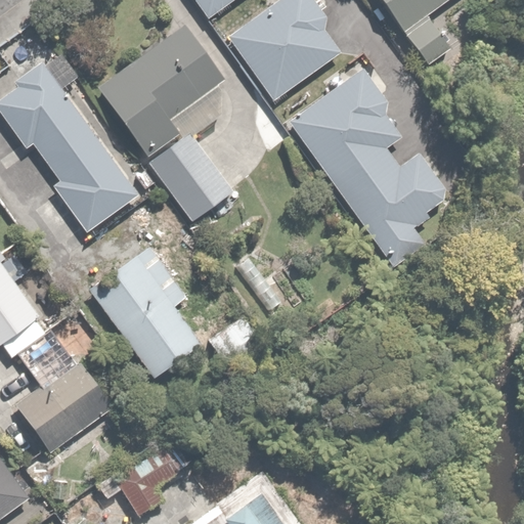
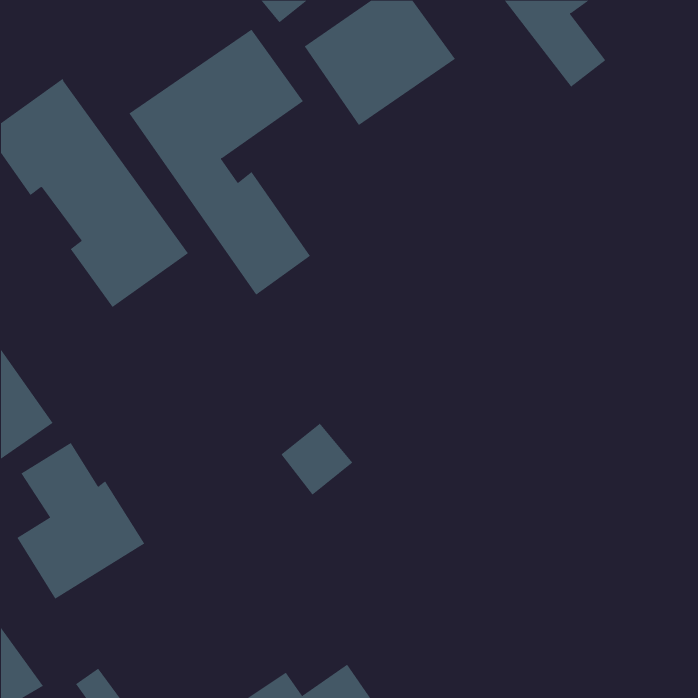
building: [288,68,452,262] -> none
building: [87,241,201,375] -> none
building: [97,453,176,517] -> none

